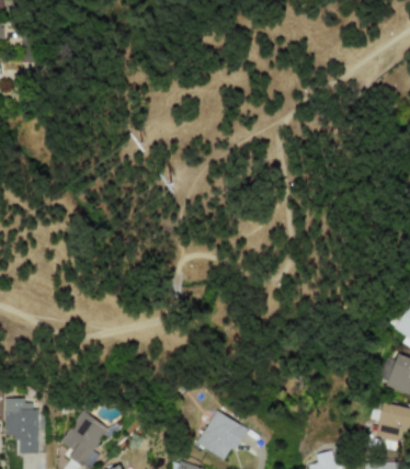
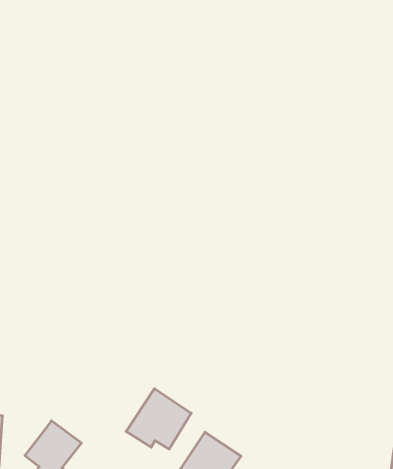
building: none -> [126,389,191,449]

